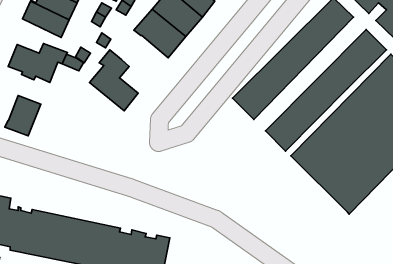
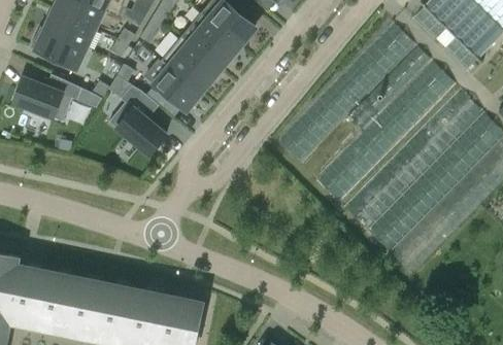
building: none -> [348,46,431,130]
building: none -> [155,67,201,110]
building: [5,96,41,136] -> none

